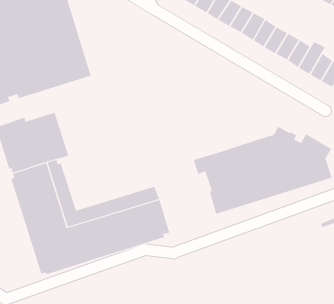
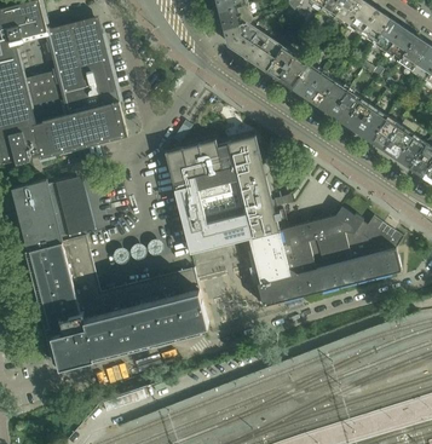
building: none -> [165,135,288,253]

